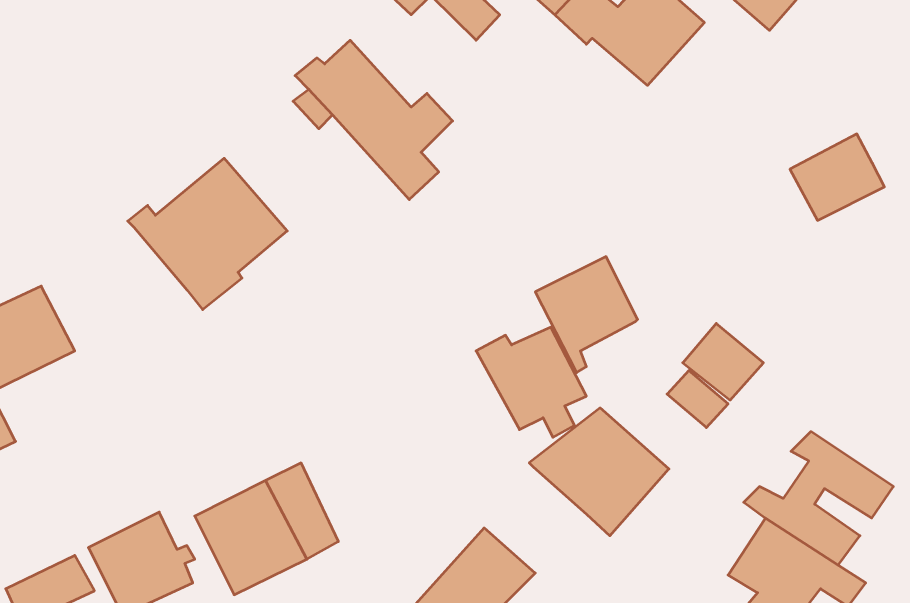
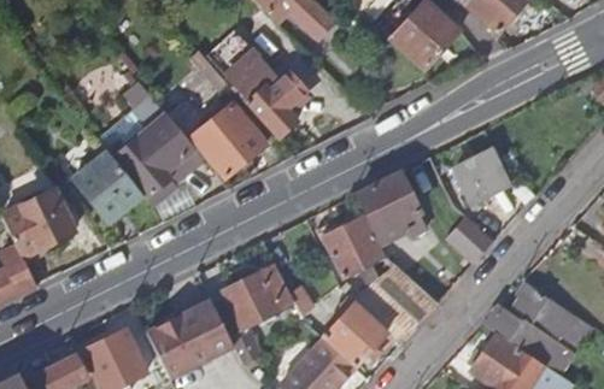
building: [790,134,884,220] -> [455,151,512,204]
building: none -> [190,102,265,177]
building: none -> [72,151,142,220]
building: none -> [224,265,294,328]
building: none -> [323,301,387,366]

